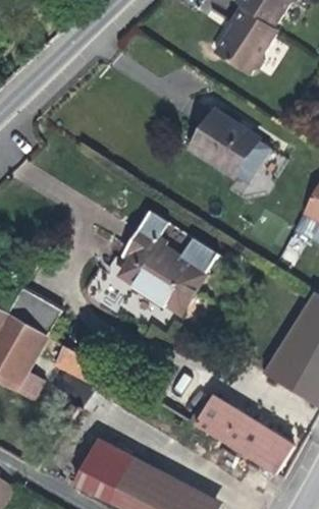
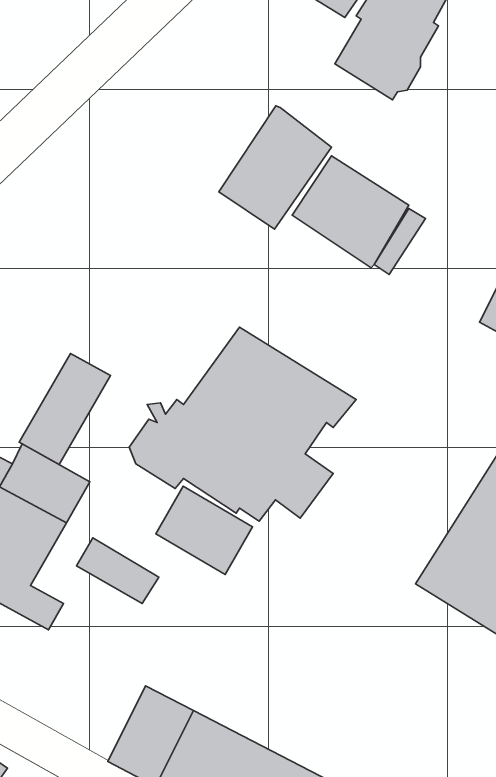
building: none -> [219,106,331,229]
building: none -> [19,353,111,464]
building: none -> [156,486,252,575]
building: [196,394,295,474] -> none

